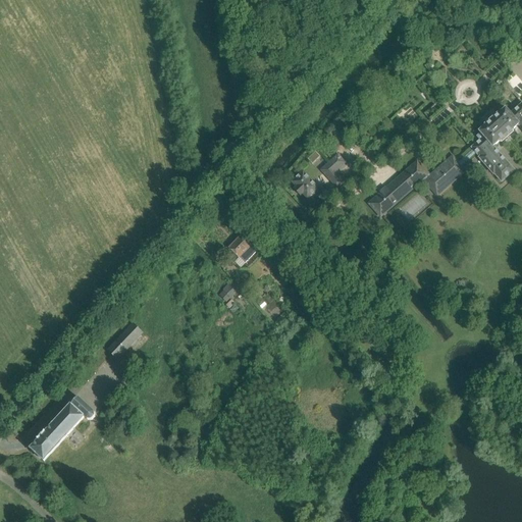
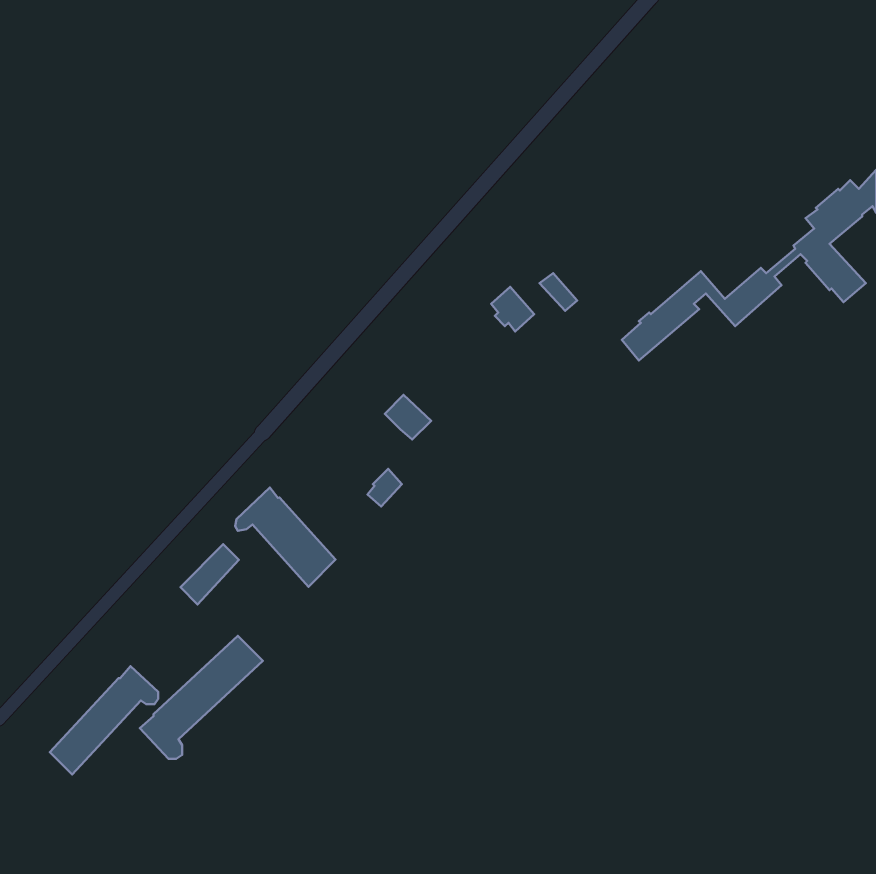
building: none -> [235,487,336,587]
building: none -> [140,636,263,759]

